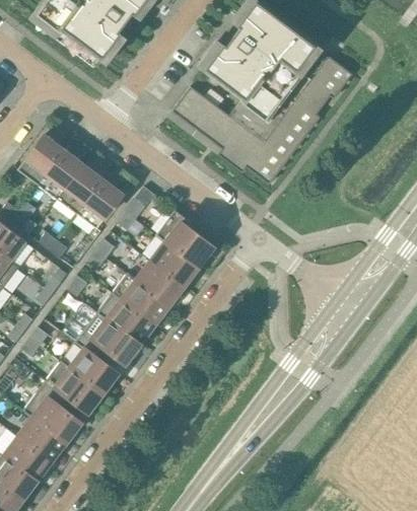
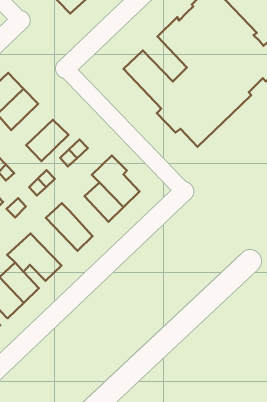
building: [58,164,102,213] -> none
building: [138,260,184,303] -> none
building: [98,291,154,342] -> none

